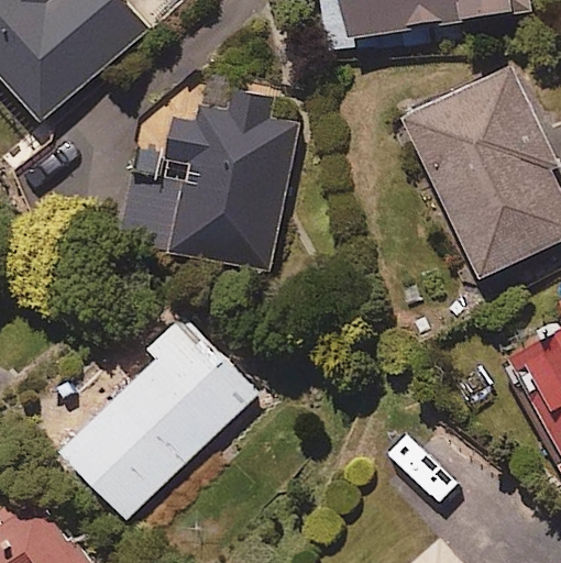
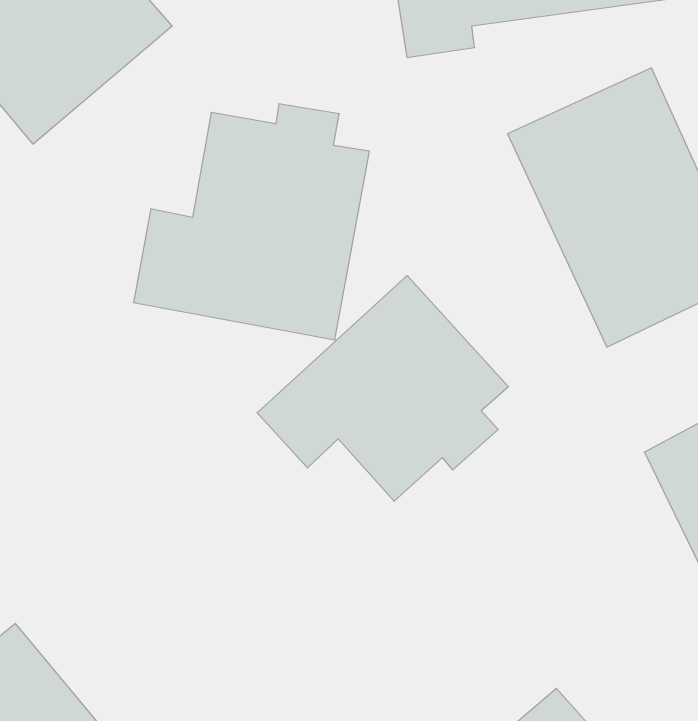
building: none -> [257,276,508,501]
building: [69,313,260,520] -> none

